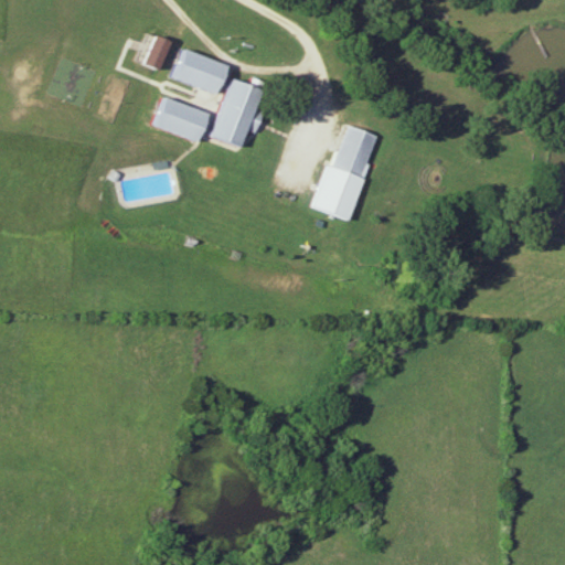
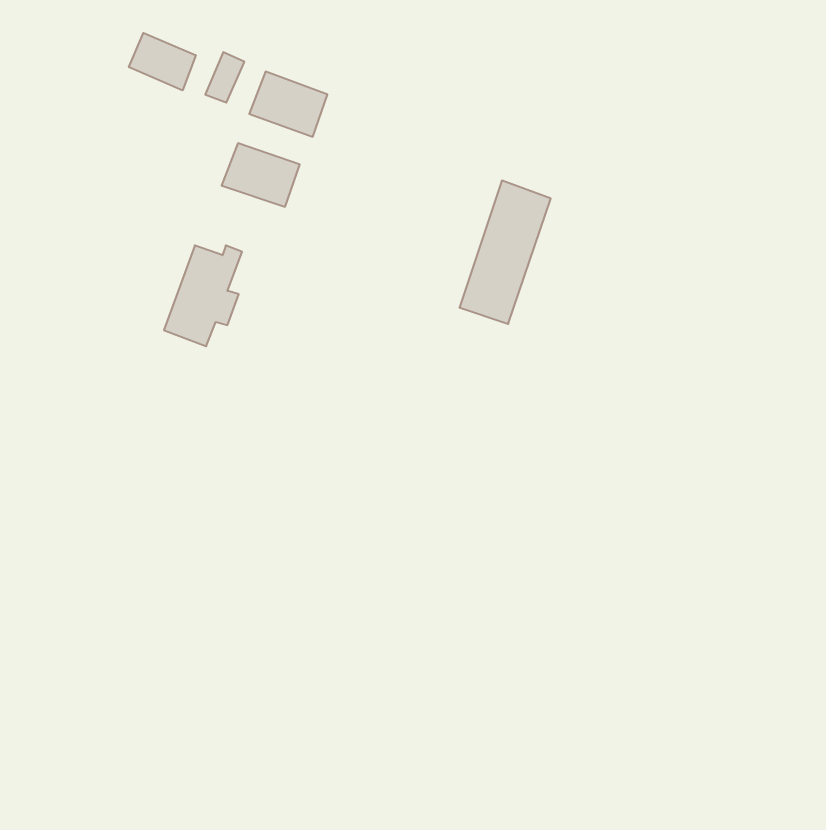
building: none -> [129,33,196,90]
building: [211,78,264,147] -> [164,245,242,346]

